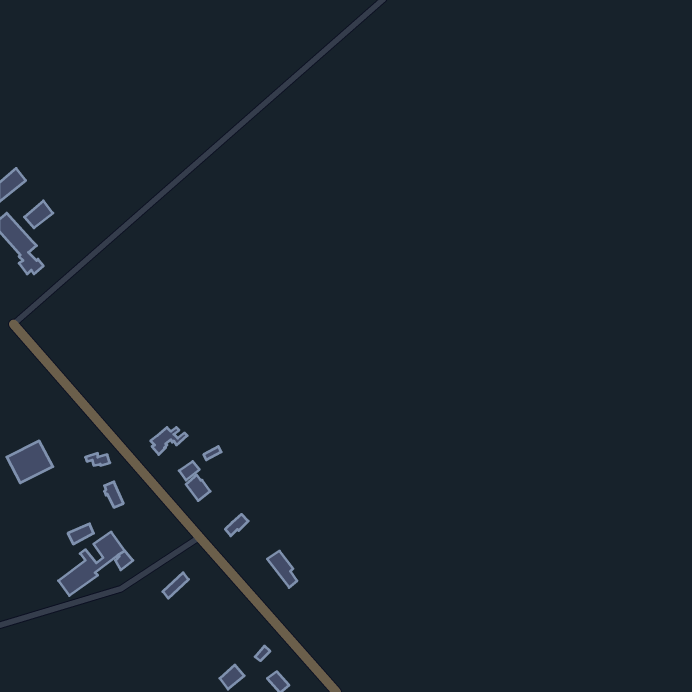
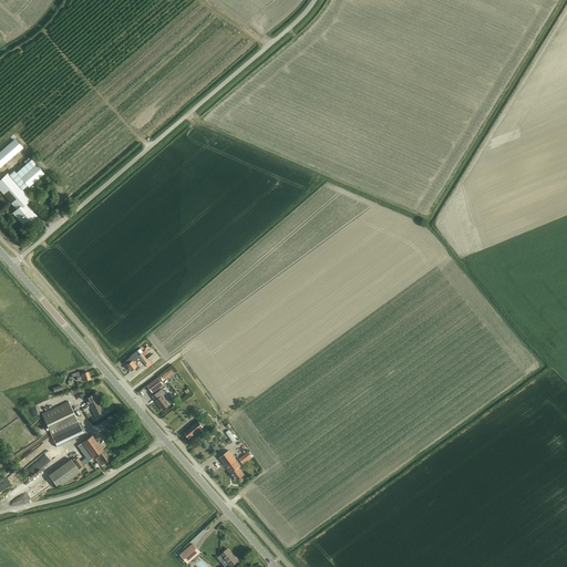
building: [7,441,53,483] -> [40,401,78,435]

